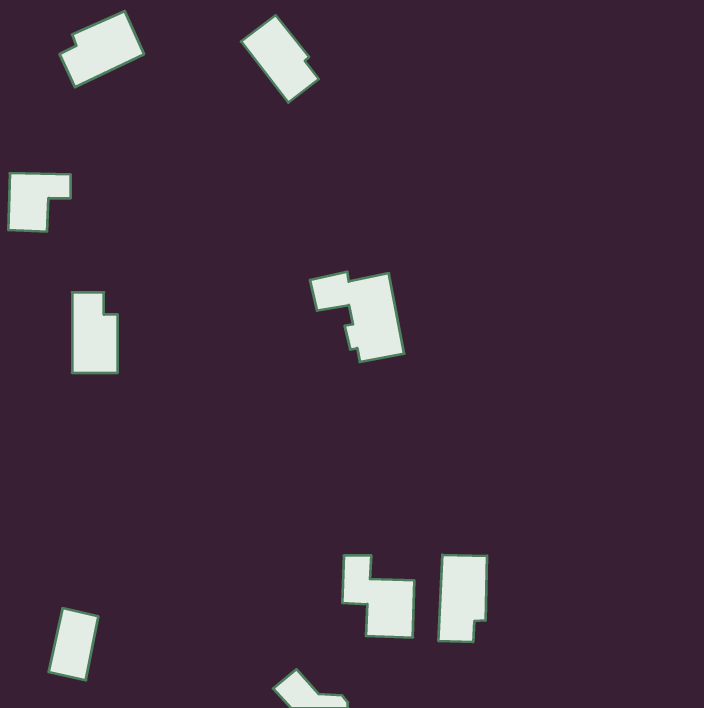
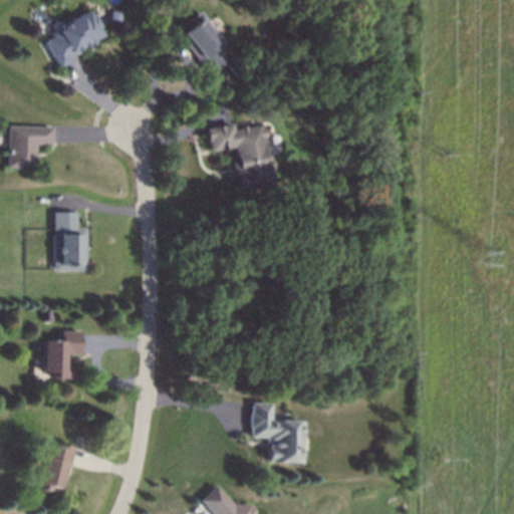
building: [310,272,404,362] -> [207,122,275,188]
building: none -> [44,330,82,378]
building: [439,555,487,642] -> none

